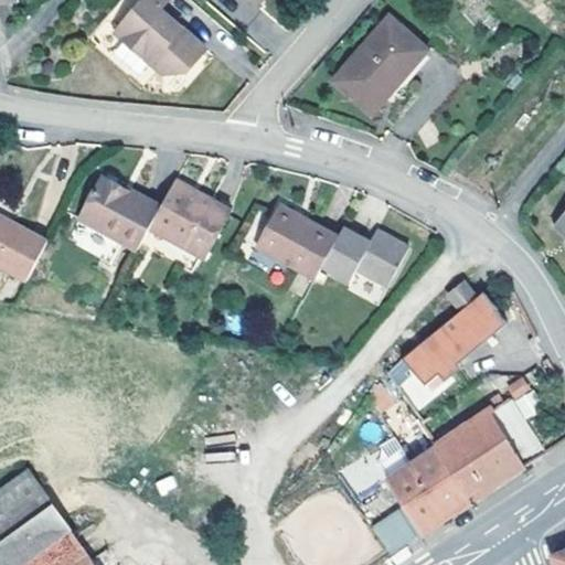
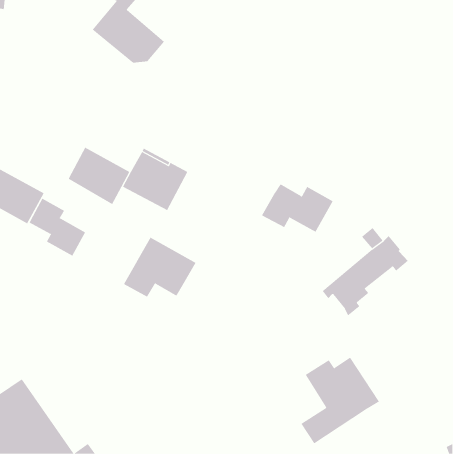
building: [330,14,425,111] -> none
building: [249,206,340,281] -> [123,237,196,297]
building: none -> [29,198,86,256]
building: [434,397,544,498] -> none

